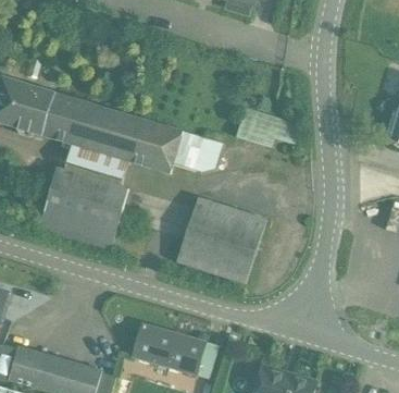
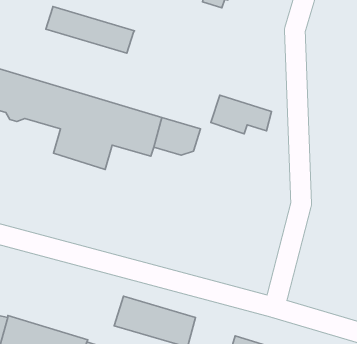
building: none -> [46,6,135,53]
building: [40,168,129,250] -> none
building: [178,197,267,283] -> none

